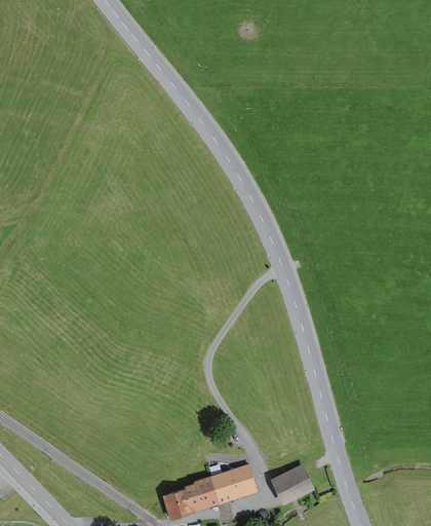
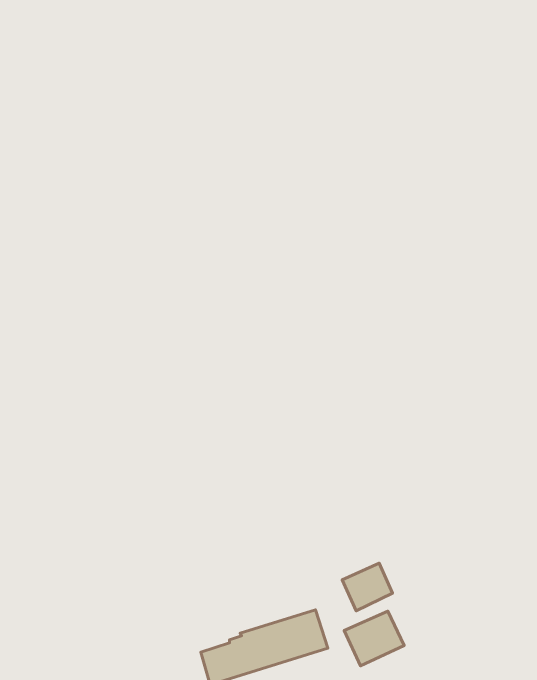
building: none -> [342,563,392,611]

